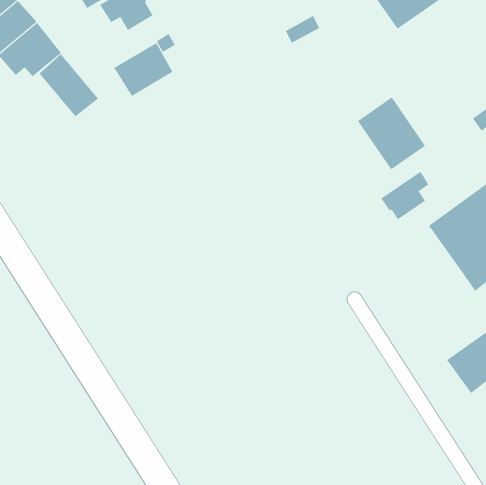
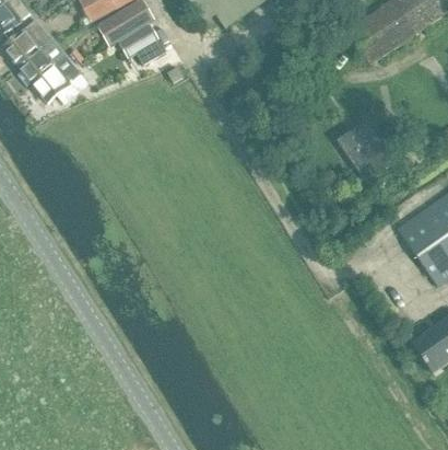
building: [114,42,173,97] -> none
building: [39,54,99,117] -> none
building: [380,171,429,220] -> none

